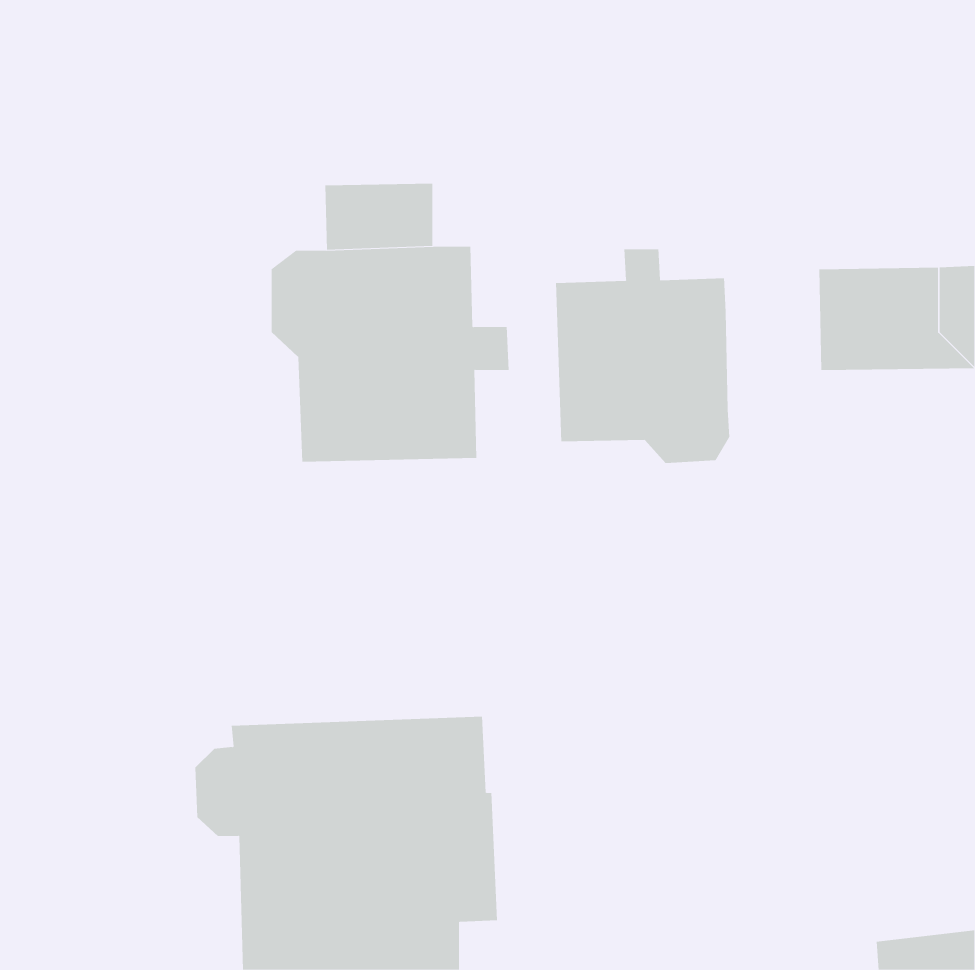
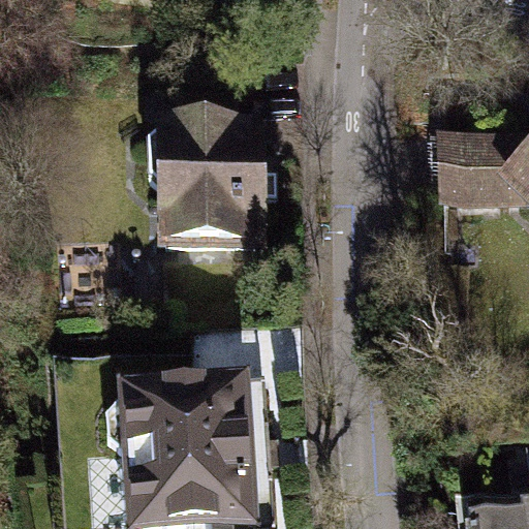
building: [556,248,730,464] -> none

